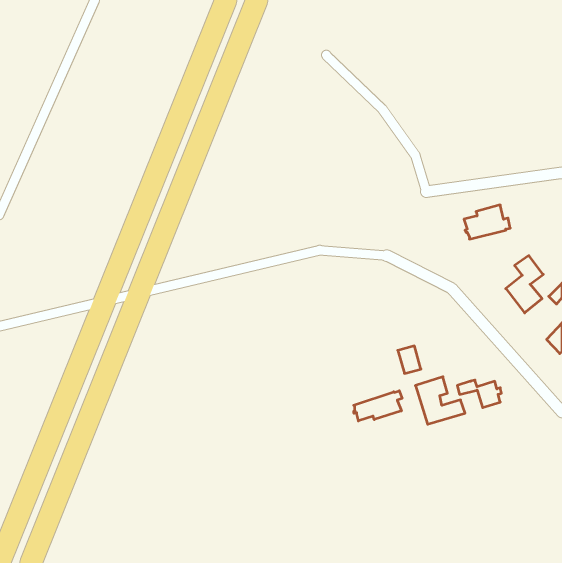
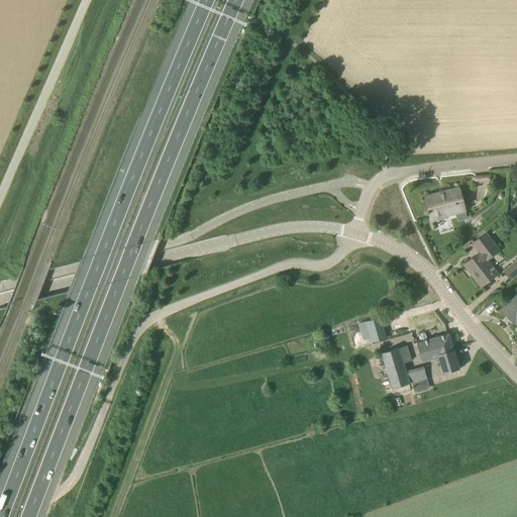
building: none -> [416,333,453,354]
building: [354,391,402,421] -> none

